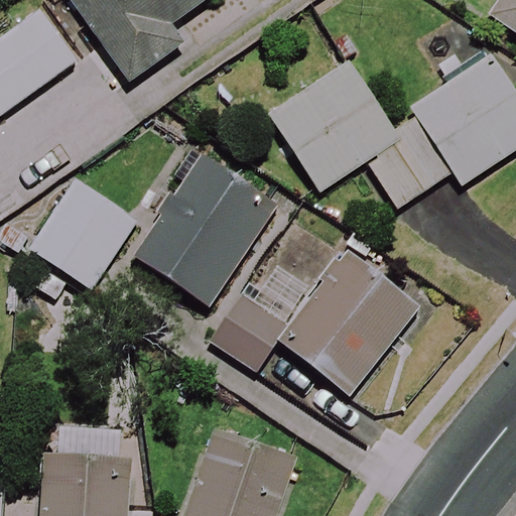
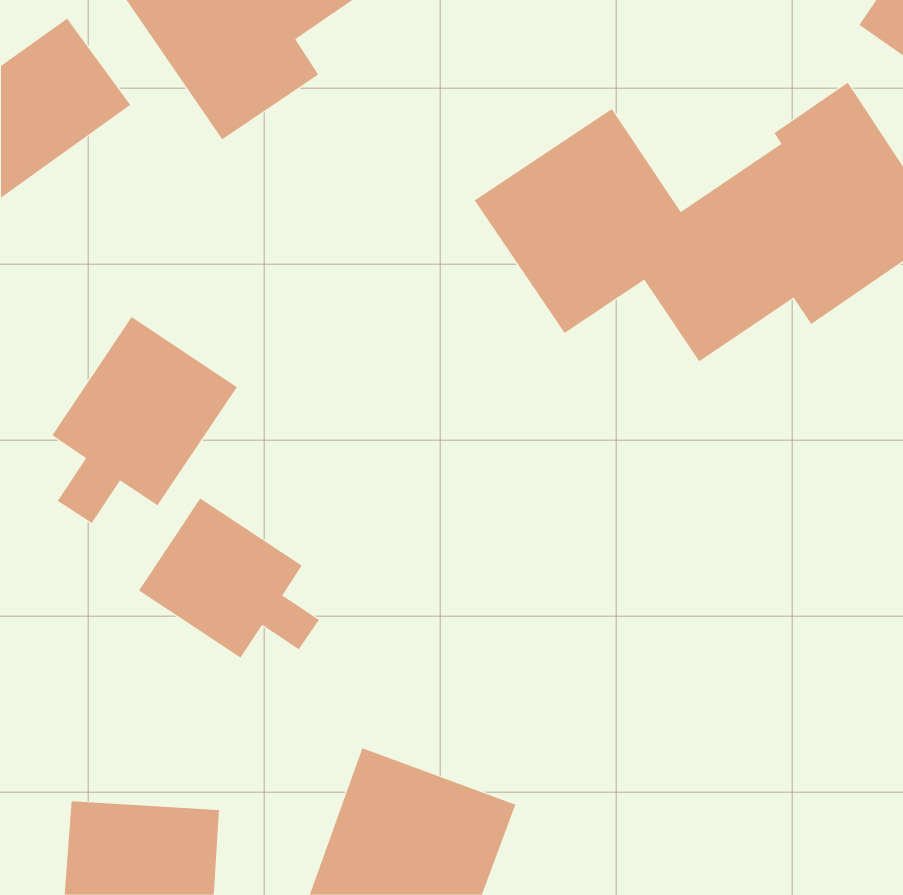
building: [137,159,273,304] -> none
building: [211,256,417,397] -> none
building: none -> [138,497,320,659]

